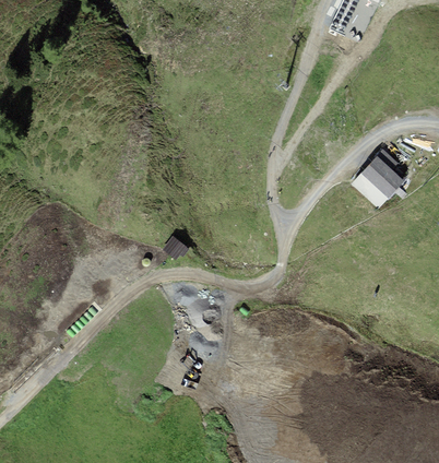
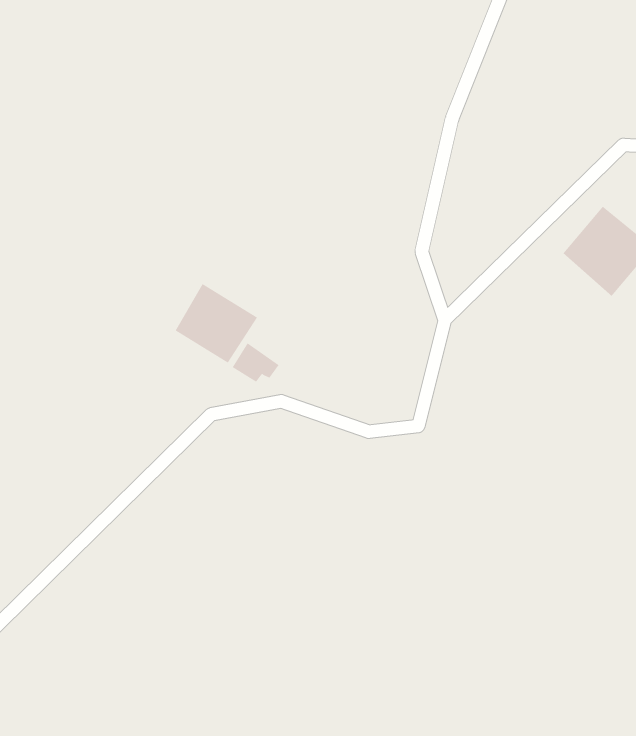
building: none -> [175,283,258,363]

